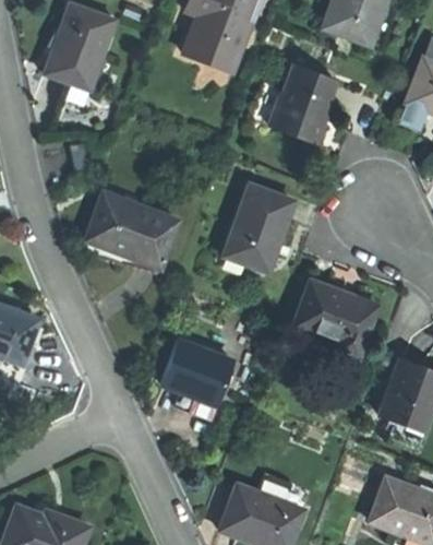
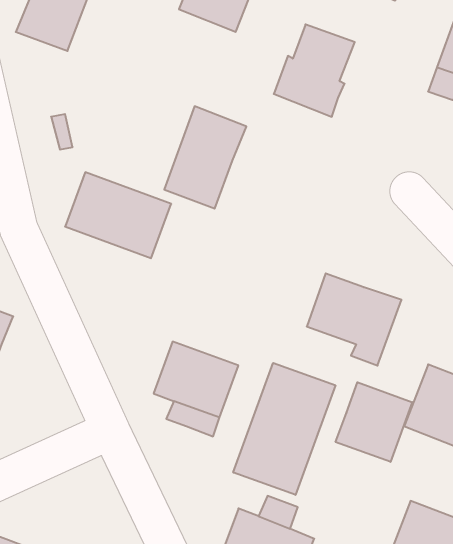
building: [225,185,296,273] -> [164,106,246,209]
building: none -> [233,363,335,495]
building: none -> [336,382,412,462]

